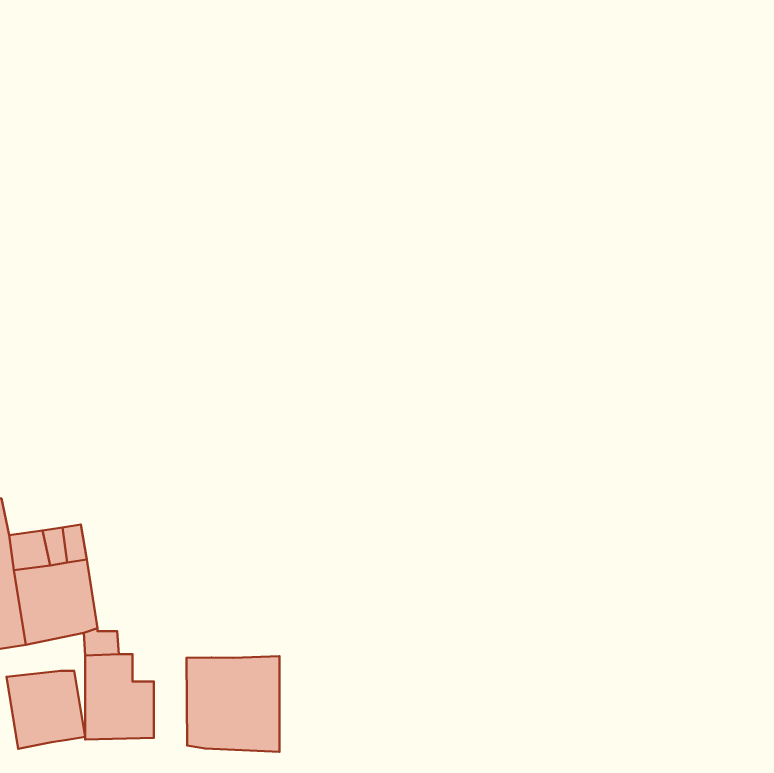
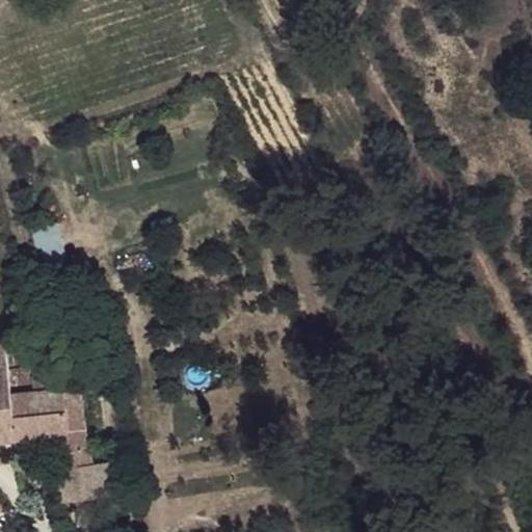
building: [186,656,280,752] -> none
building: [6,671,85,749] -> none

